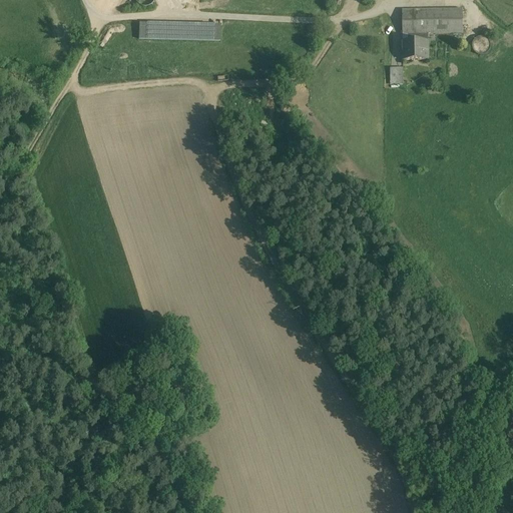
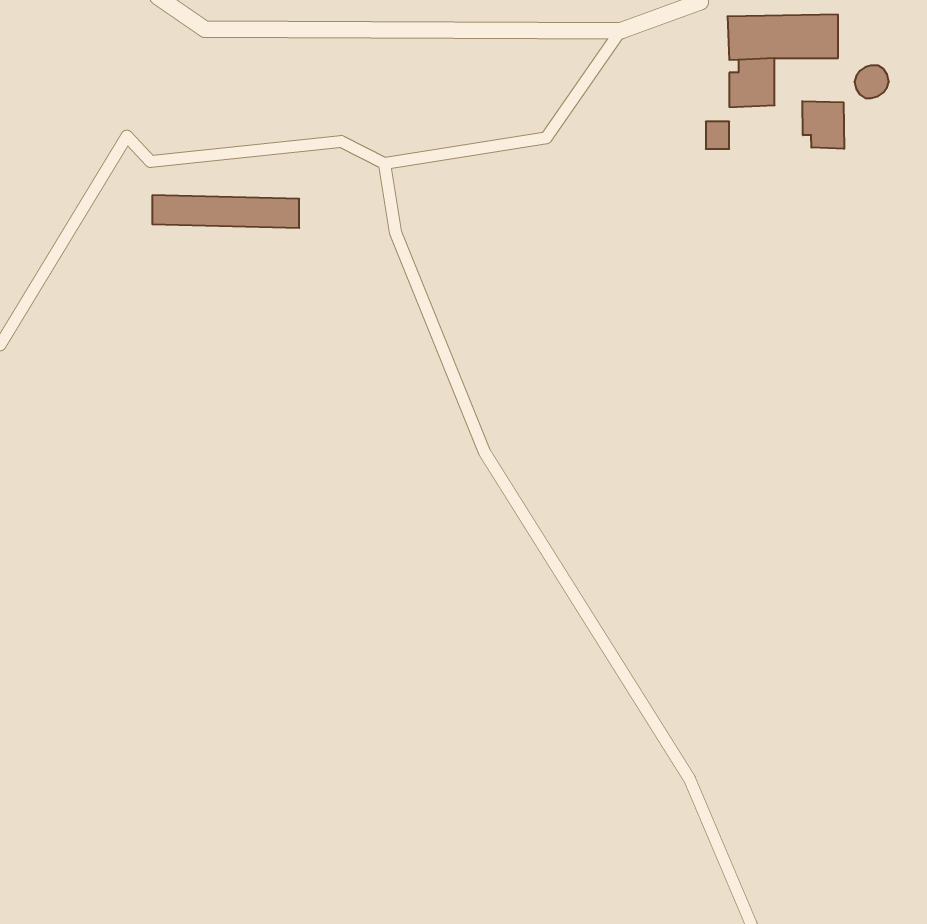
building: [139,21,220,39] -> [152,195,299,228]
building: none -> [802,101,844,149]

